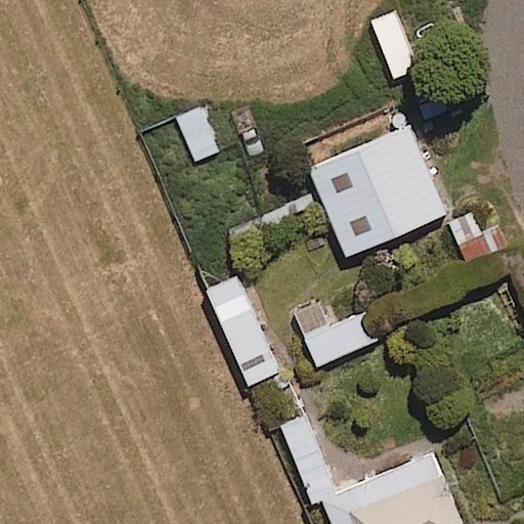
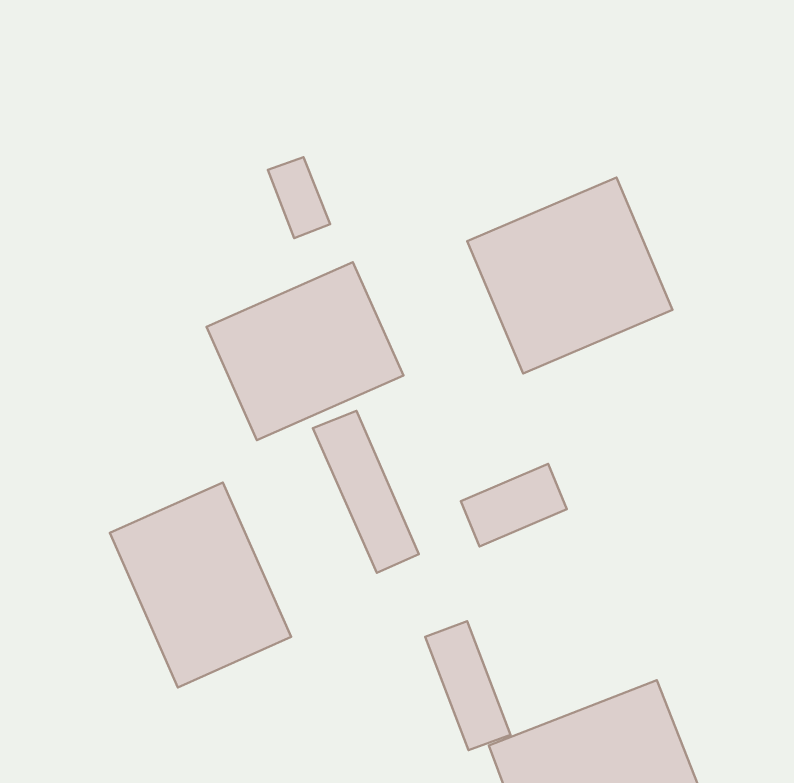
building: none -> [206,262,403,440]
building: none -> [110,483,291,687]

